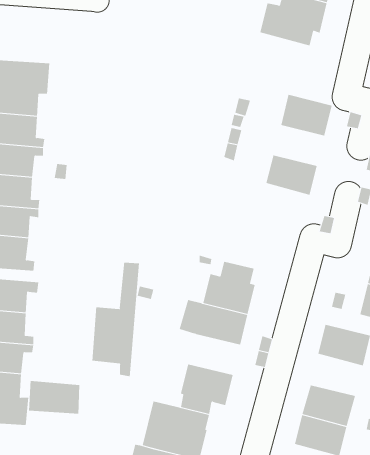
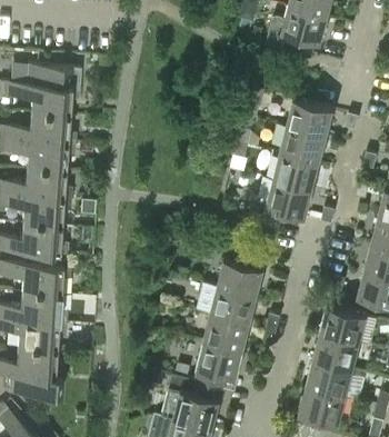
building: none -> [280,127,327,163]
building: none -> [267,179,313,218]
building: [92,262,140,377] -> none
building: none -> [203,315,251,351]
building: none -> [313,332,361,370]
building: [28,380,80,415] -> none

